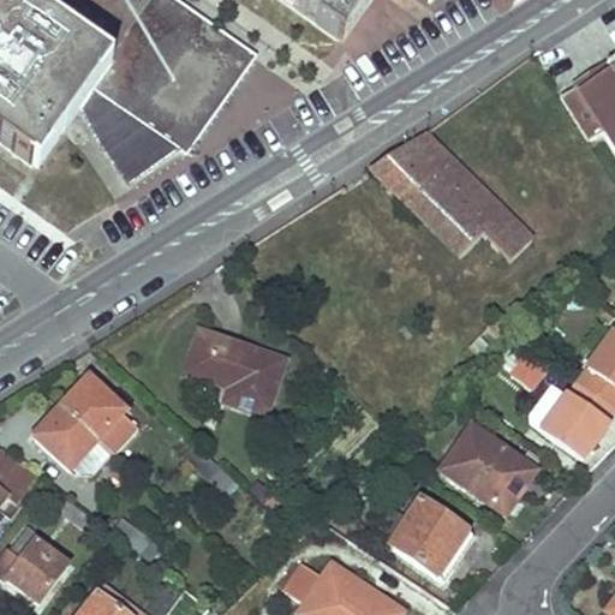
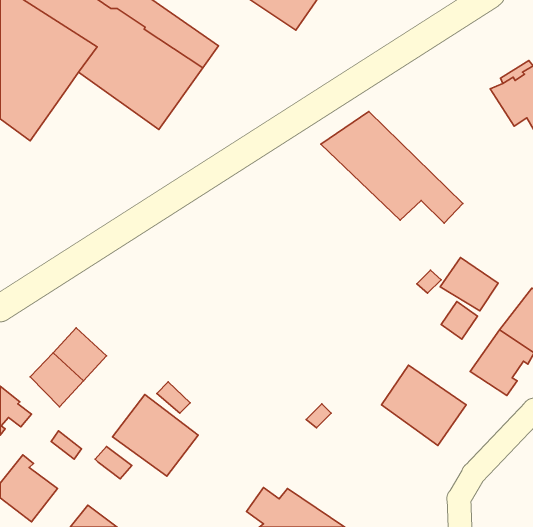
building: [79,83,184,189] -> none
building: none -> [440,257,498,311]
building: [186,329,285,412] -> none
building: none -> [113,394,198,476]
building: [388,496,471,572] -> none

